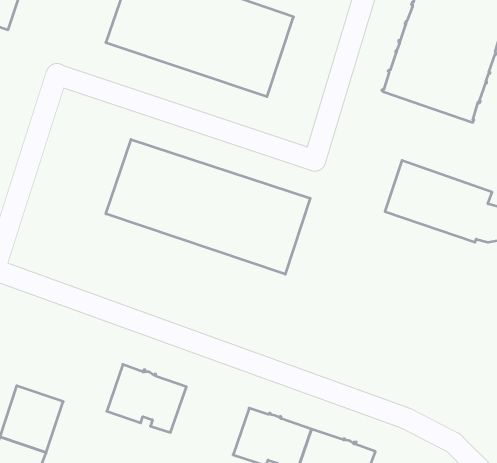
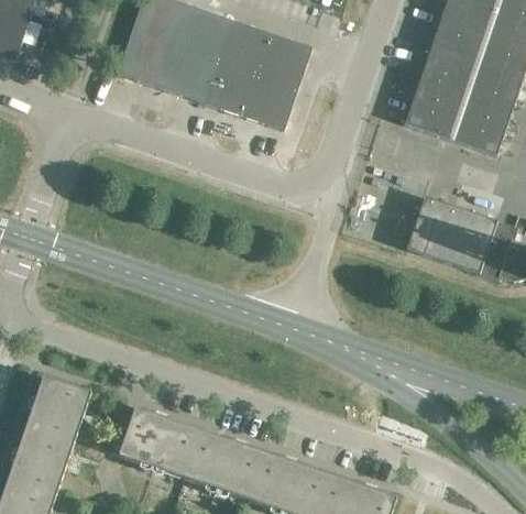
building: [106,139,310,274] -> none
building: none -> [24,376,90,446]
building: none -> [184,430,265,501]

